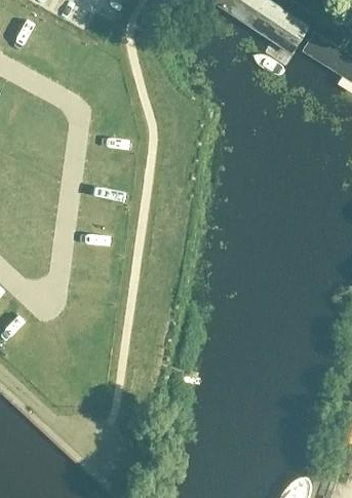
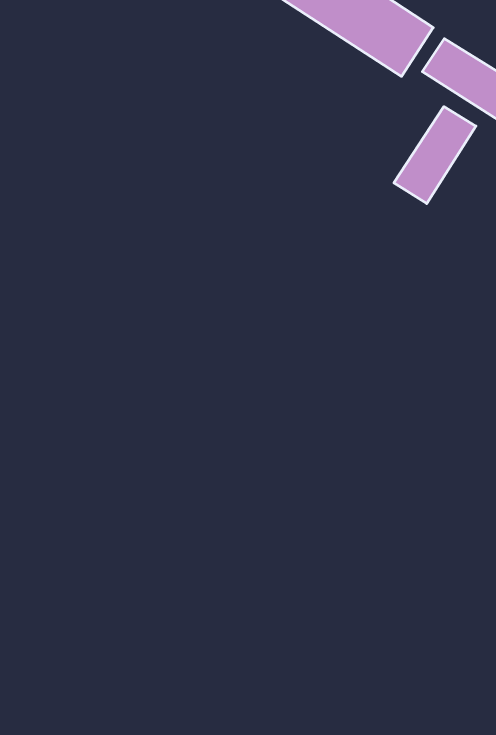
building: none -> [394,107,476,204]

